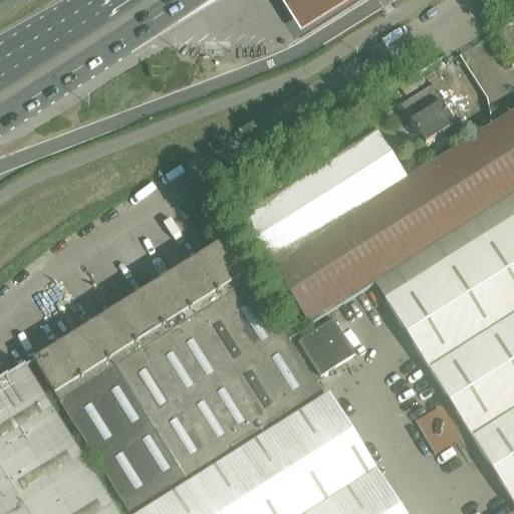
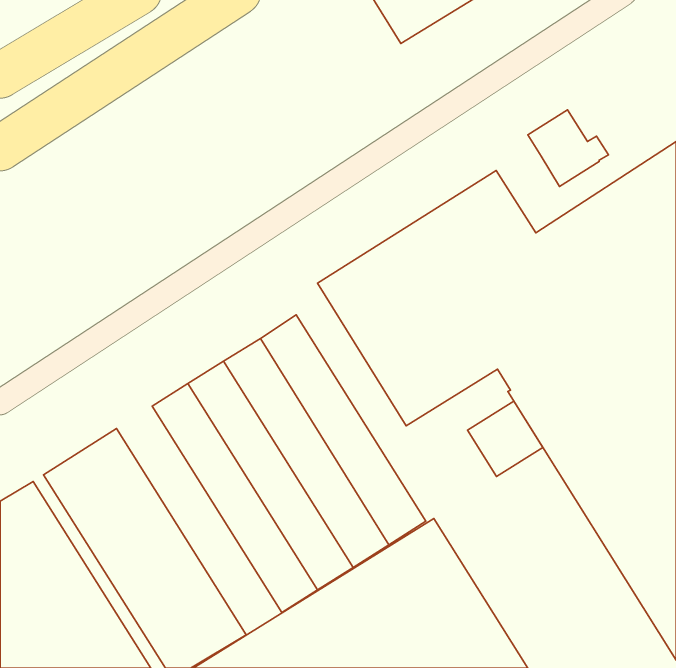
building: [88,308,214,482] -> none
building: [298,317,355,374] -> [468,401,543,477]

